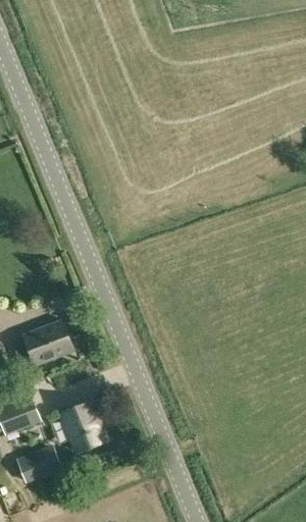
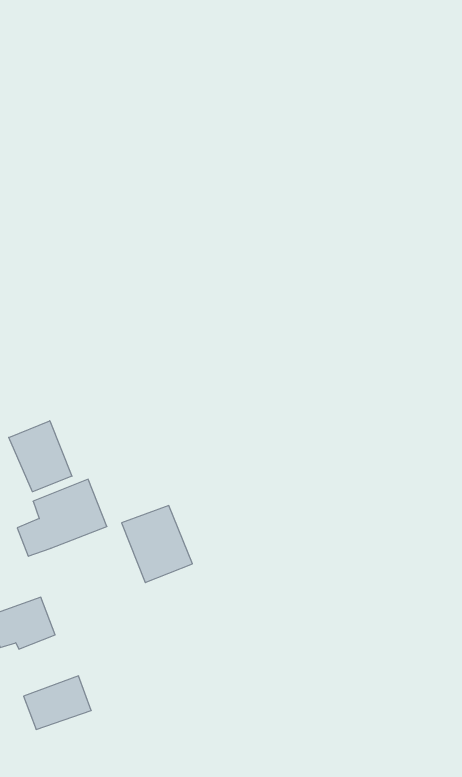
building: none -> [9,421,72,492]
building: [60,402,106,452] -> [122,506,192,583]

